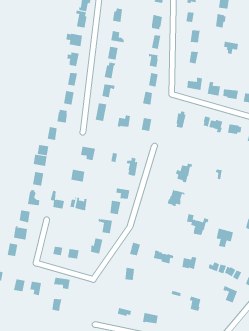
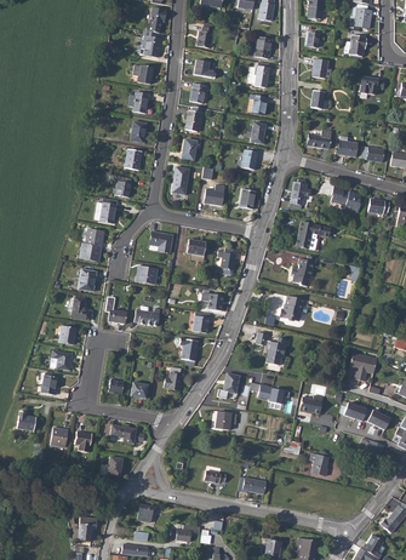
building: none -> [297,221,330,250]
building: [186,213,209,236] -> [257,331,291,364]

